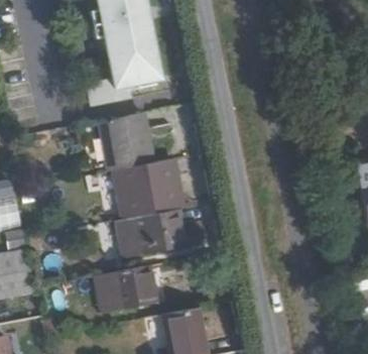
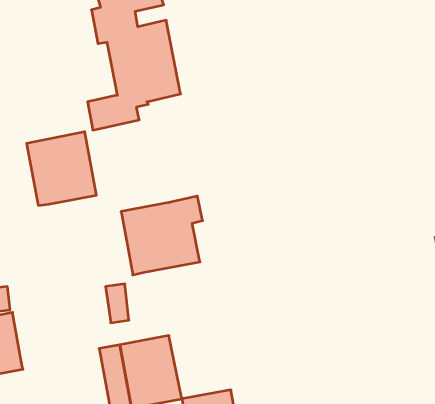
building: [98,113,152,170] -> [27,132,96,205]
building: [133,208,187,255] -> none

